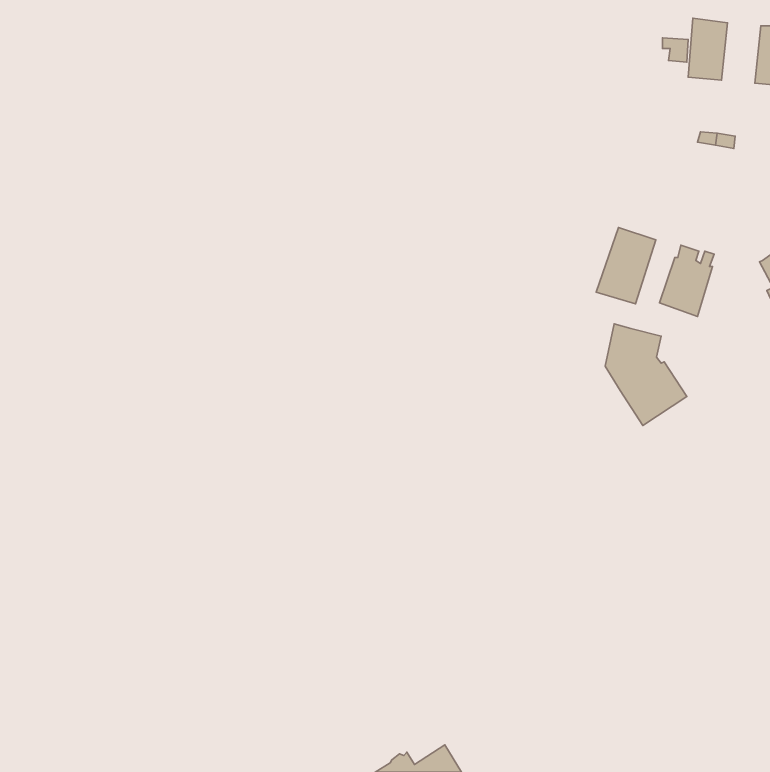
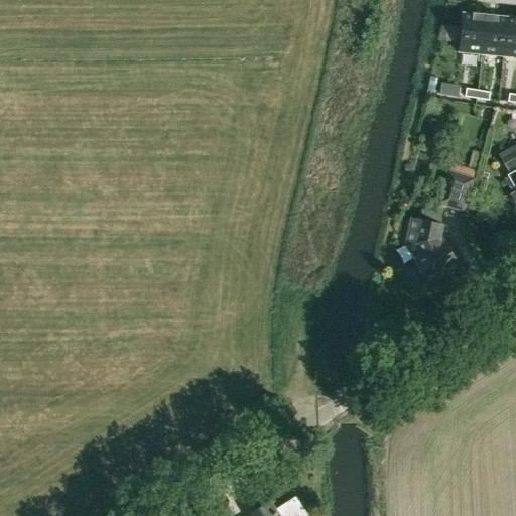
building: none -> [483,15,509,55]
building: [596,228,656,304] -> none

